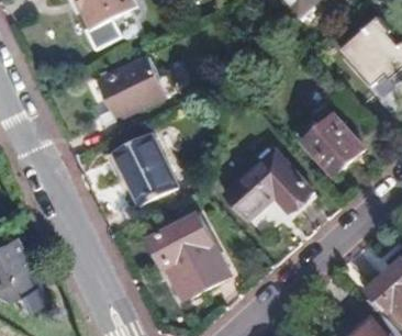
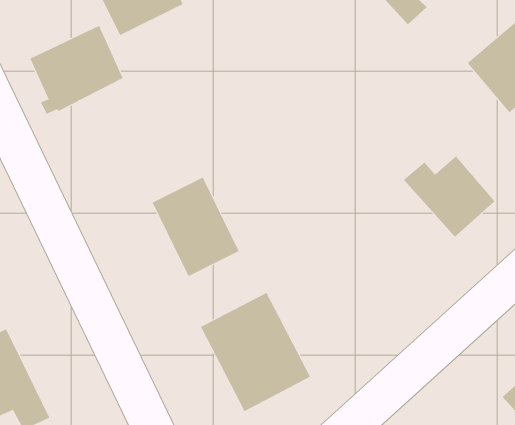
building: [98,56,166,121] -> [30,25,124,114]
building: [224,147,309,214] -> none

